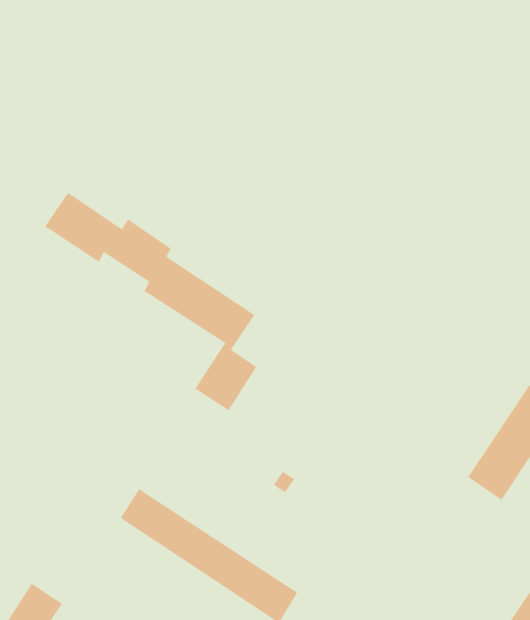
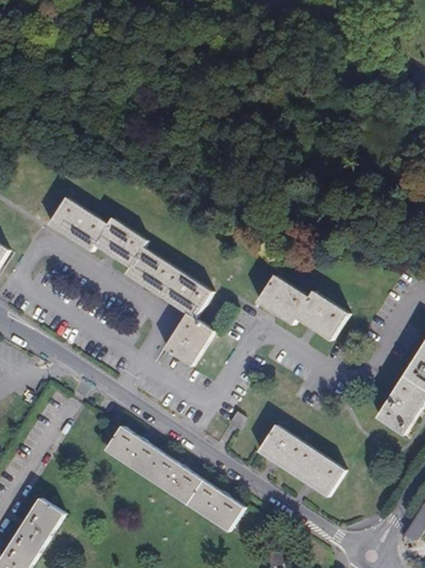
building: none -> [257,276,347,340]
building: none -> [256,426,342,499]

